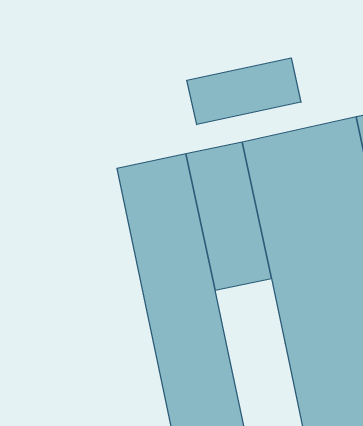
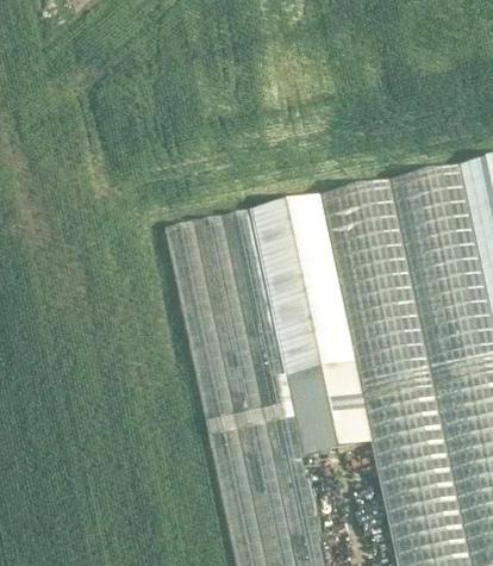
building: [187,58,301,125] -> none
building: none -> [287,360,373,454]

